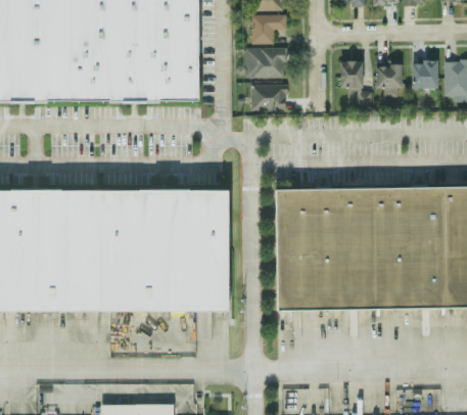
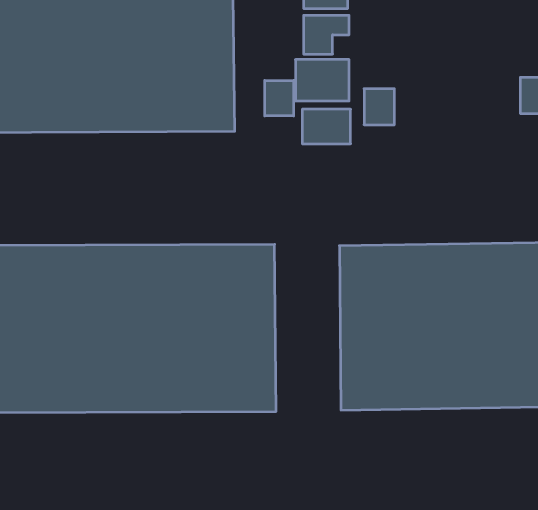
building: [339,62,362,89] -> [364,89,394,125]
building: none -> [265,80,294,116]
building: [374,65,400,89] -> none

